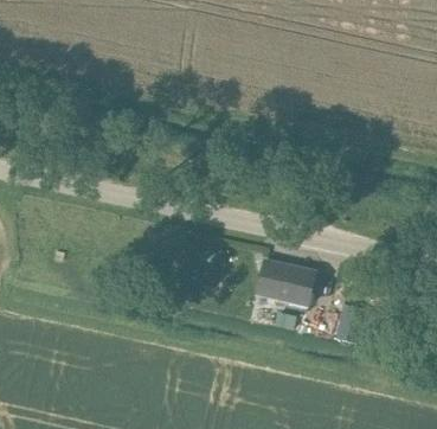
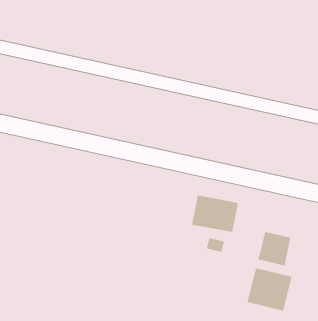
building: none -> [247,267,292,311]

